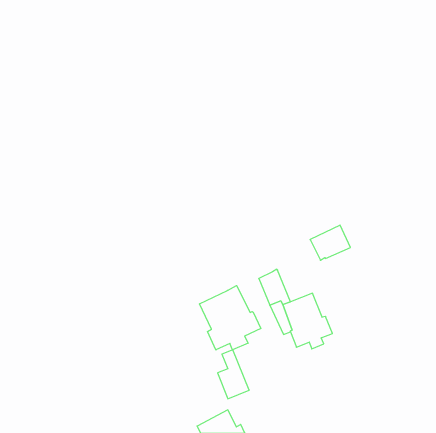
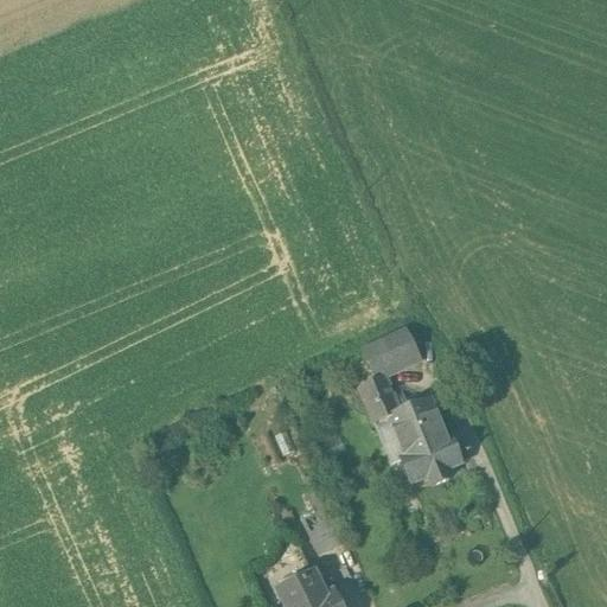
building: [310,225,350,260] -> [365,327,421,376]
building: [200,286,261,350] -> none

